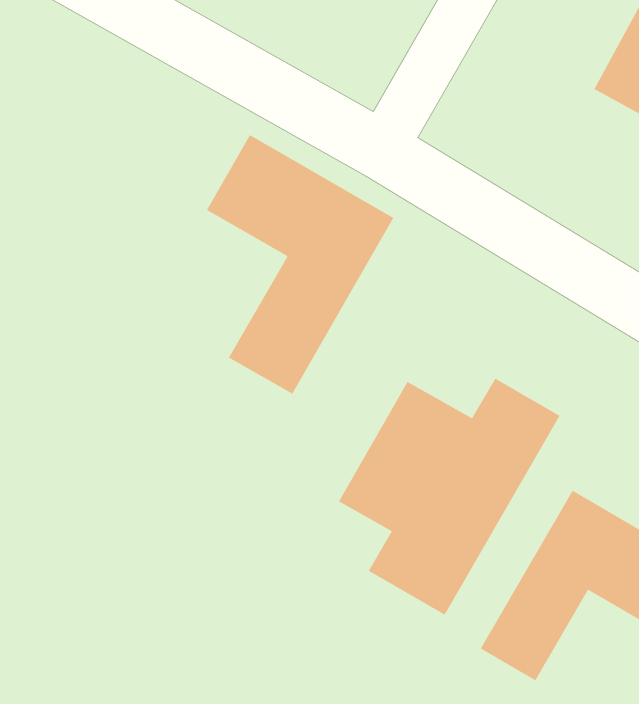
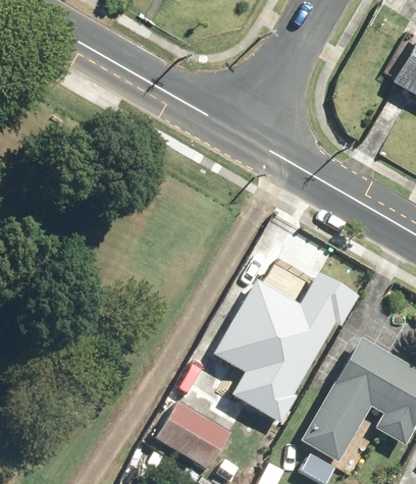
building: [206,134,394,395] -> none
building: none -> [160,401,230,464]

